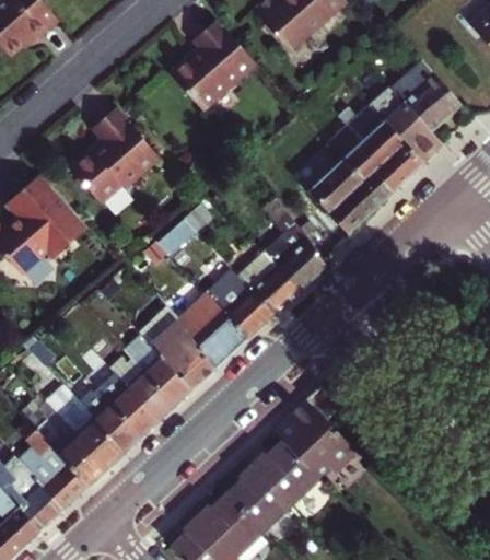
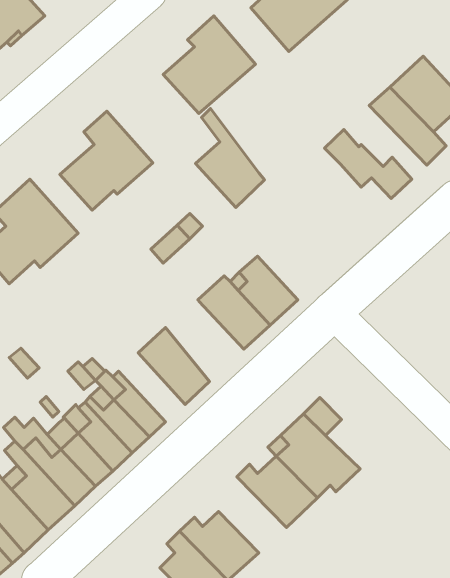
building: [343,106,422,176] -> none
building: [308,162,388,234] -> none
building: [261,197,327,291] -> [196,108,265,207]
building: [158,292,248,369] -> none
building: [122,335,192,407] -> none
building: [224,459,289,532] -> none

